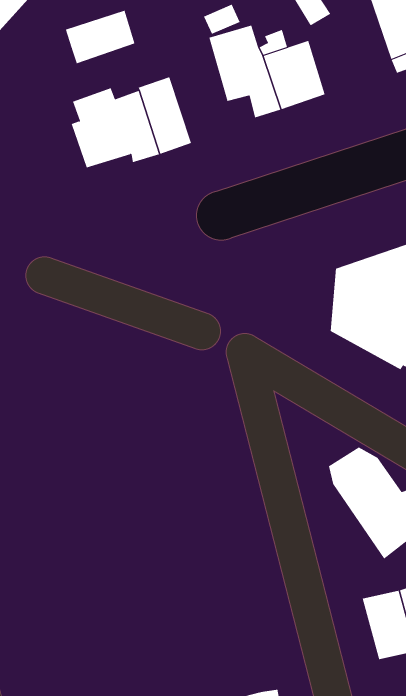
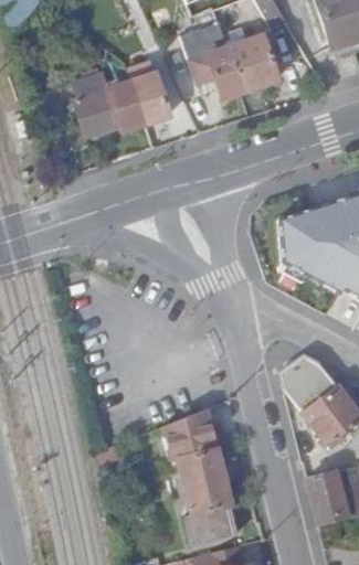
building: [65,10,135,64] -> none
building: none -> [167,425,241,548]

